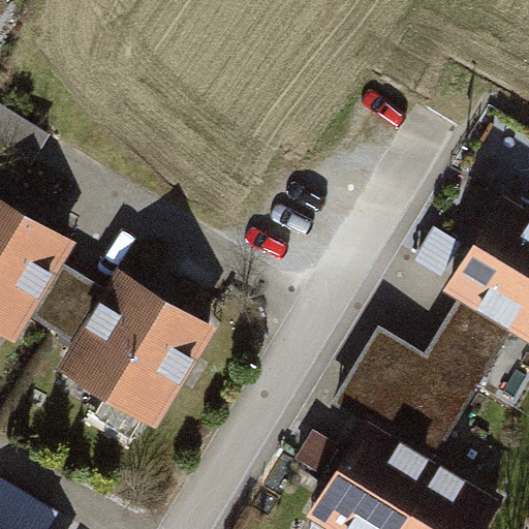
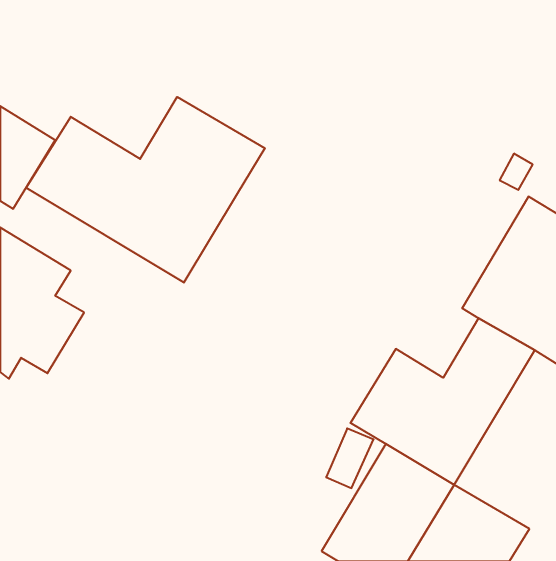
building: none -> [26,97,265,283]
building: [53,283,229,444] -> none

